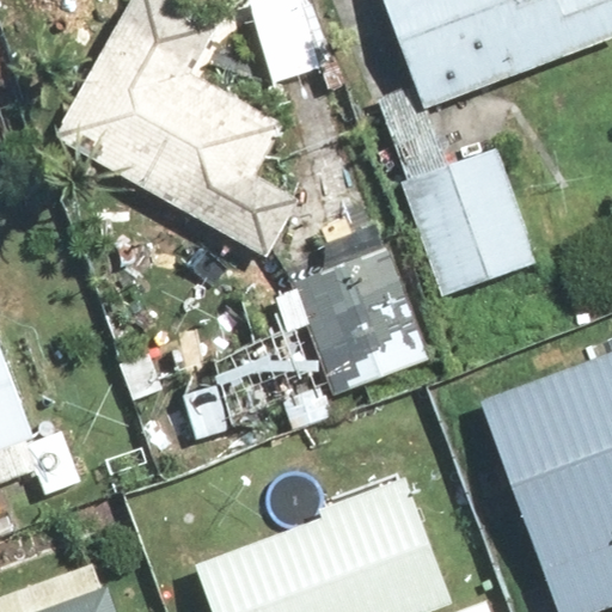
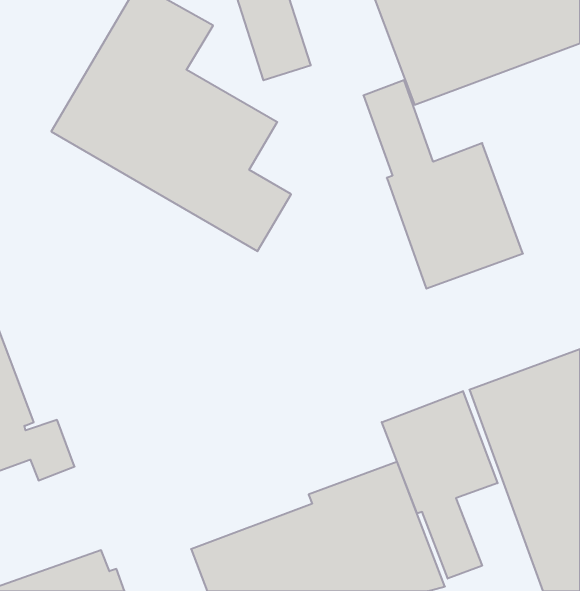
building: [289,246,428,394] -> none
building: none -> [382,391,498,579]

